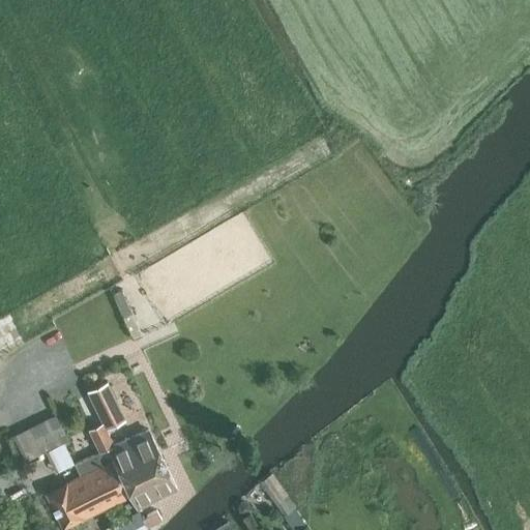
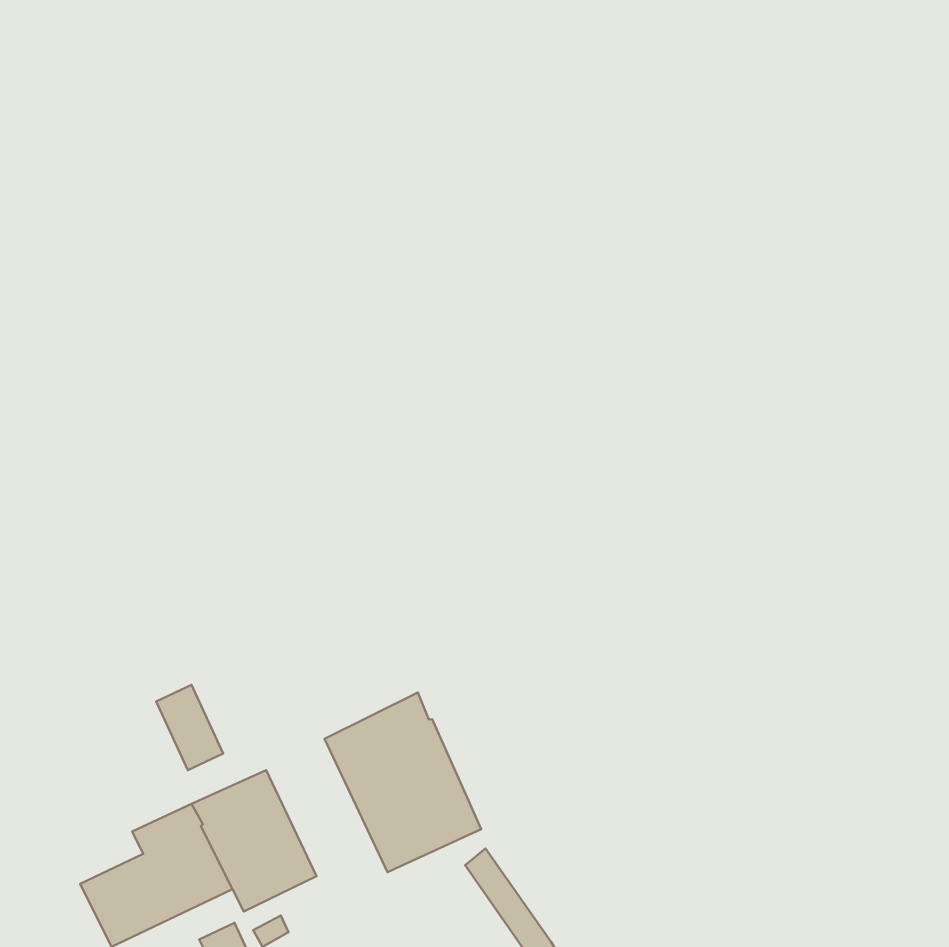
building: none -> [324,692,481,872]
building: [12,416,66,462] -> none

